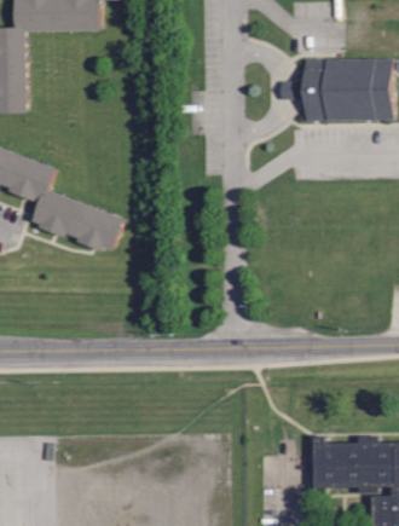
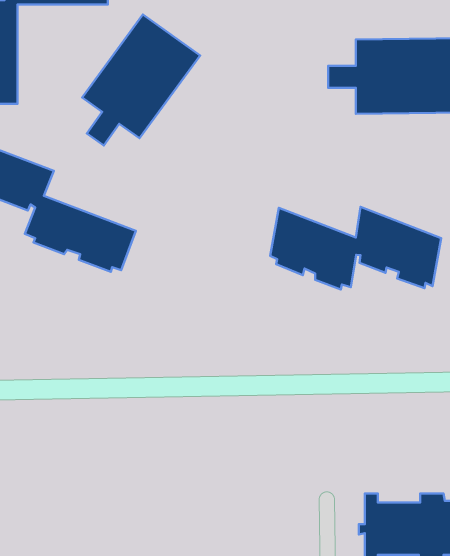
building: none -> [82,15,200,146]
building: none -> [270,207,441,290]

